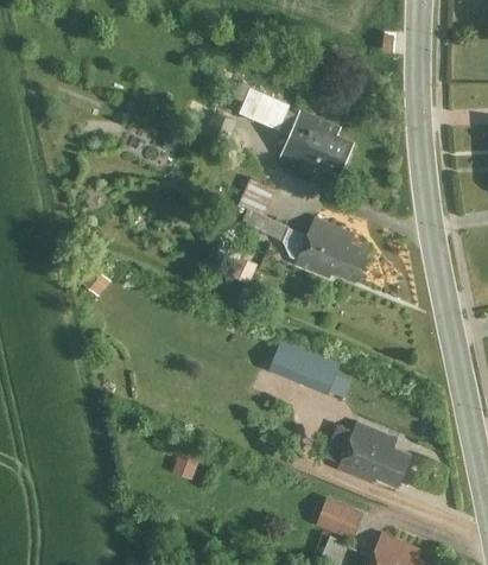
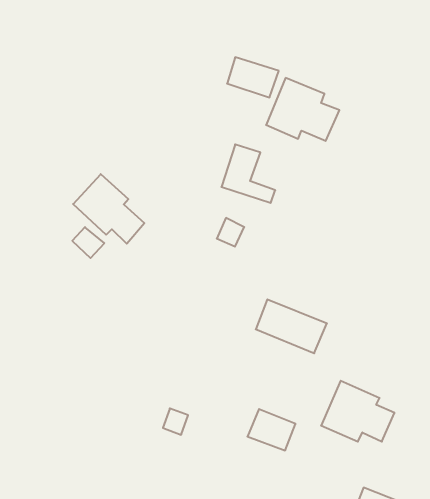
building: none -> [73,174,144,244]
building: [293,215,369,281] -> none
building: [313,496,363,539] -> [247,409,296,450]

